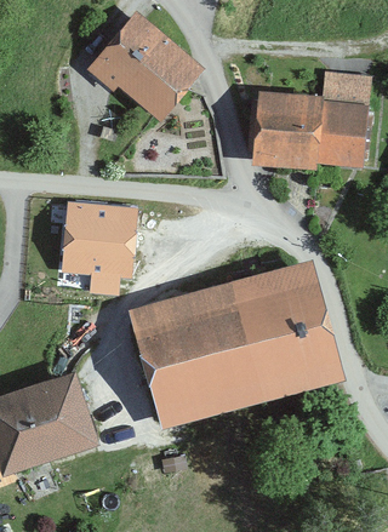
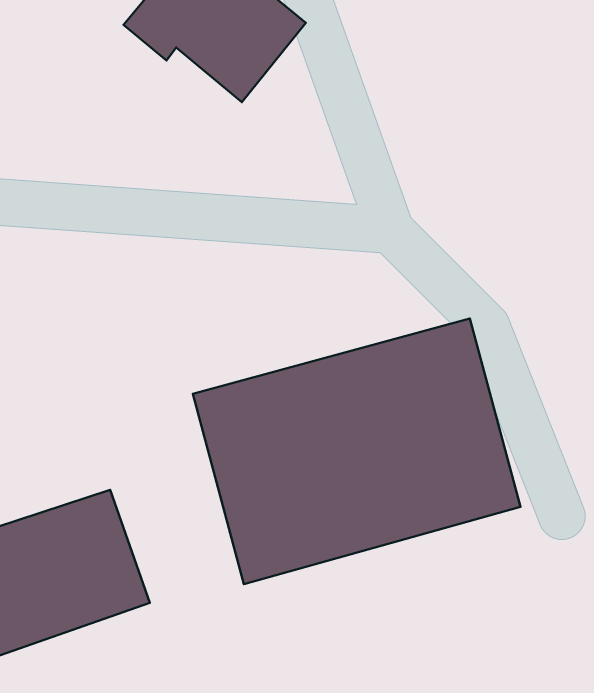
building: [255,73,370,170] -> none
building: [59,204,137,296] -> none

